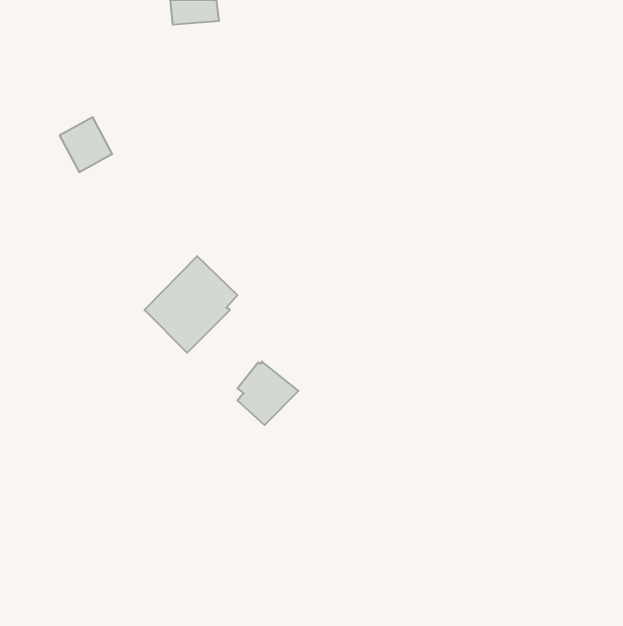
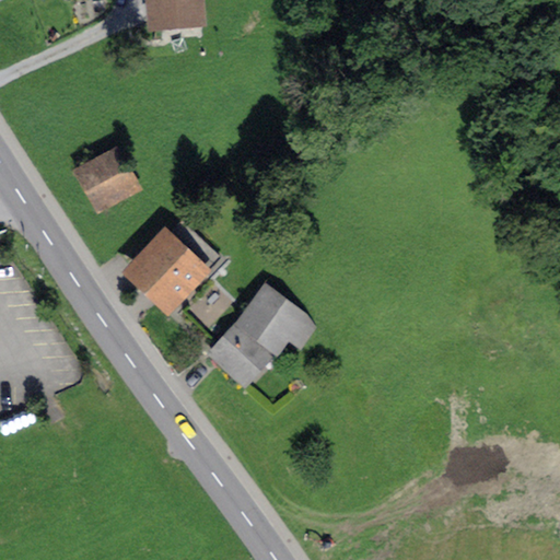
building: [60,117,112,172] -> [82,154,129,203]
building: none -> [234,289,312,349]

